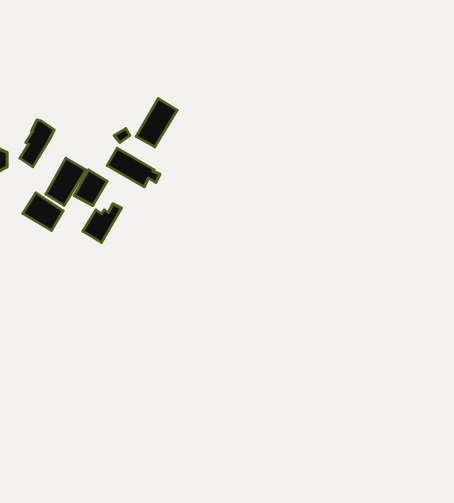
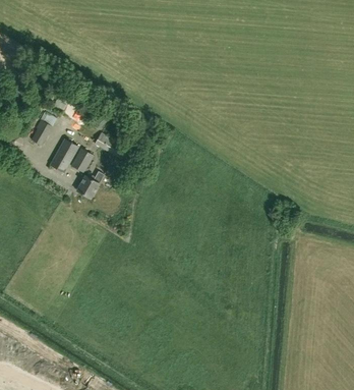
building: [136,99,177,147] -> none
building: [23,193,63,231] -> none

